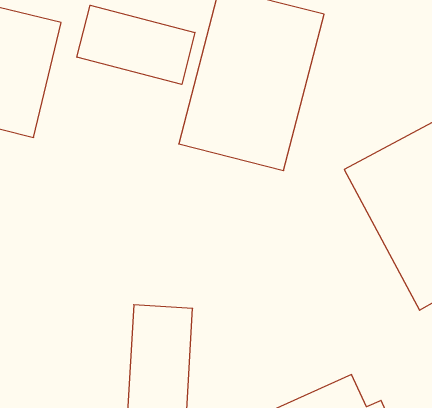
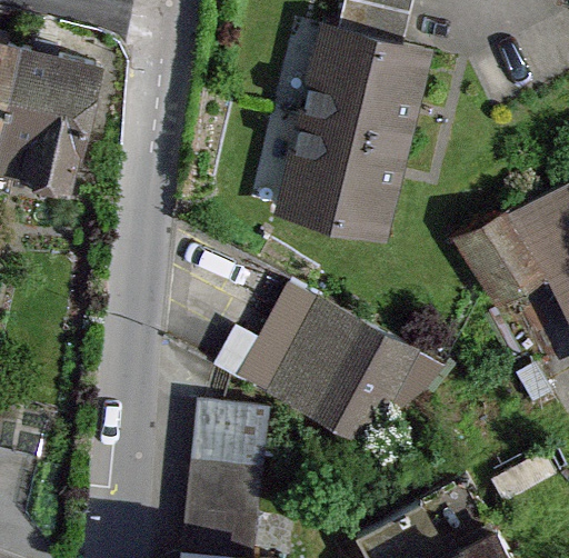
building: [77,5,195,84] -> none
building: none -> [223,278,419,452]

